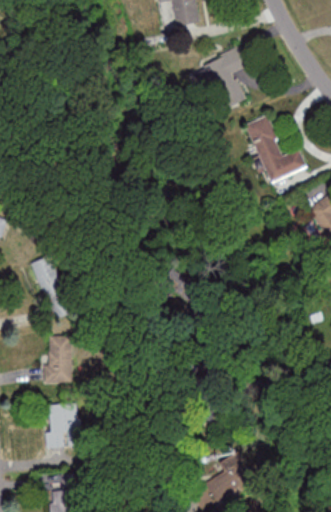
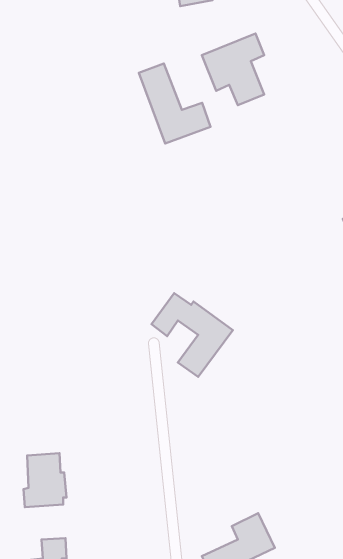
building: [246,116,306,183] -> [139,63,211,143]
building: [29,256,74,321] -> none
building: [42,335,70,381] -> none

